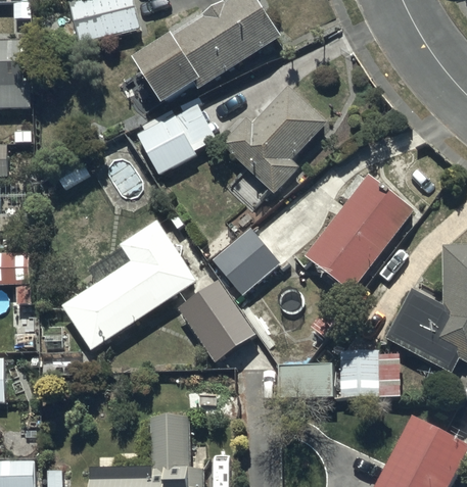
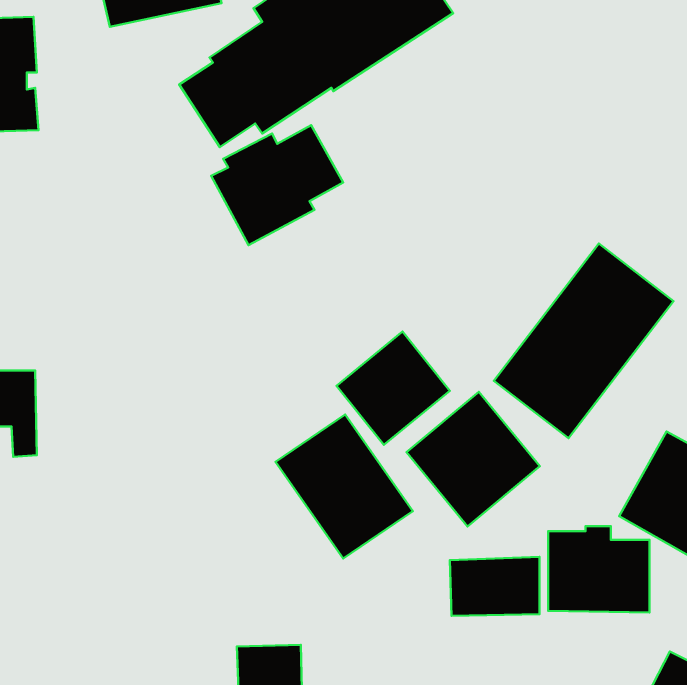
building: [221,85,327,207] -> none
building: [62,218,196,349] -> none
building: none -> [407,392,540,526]

